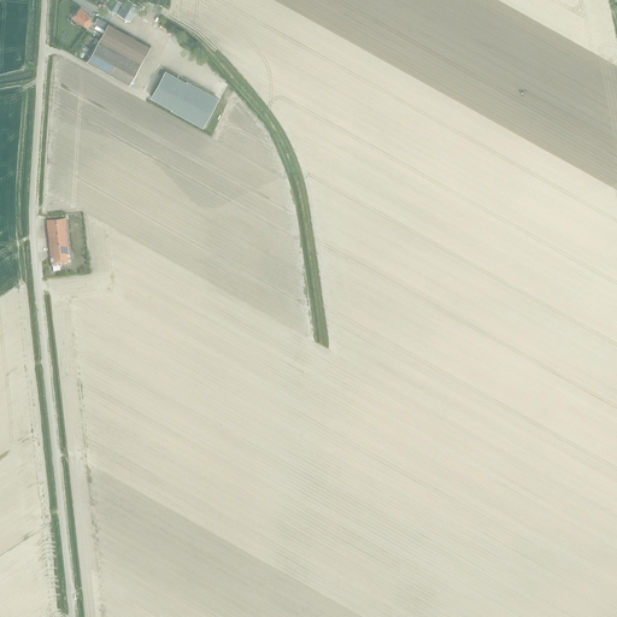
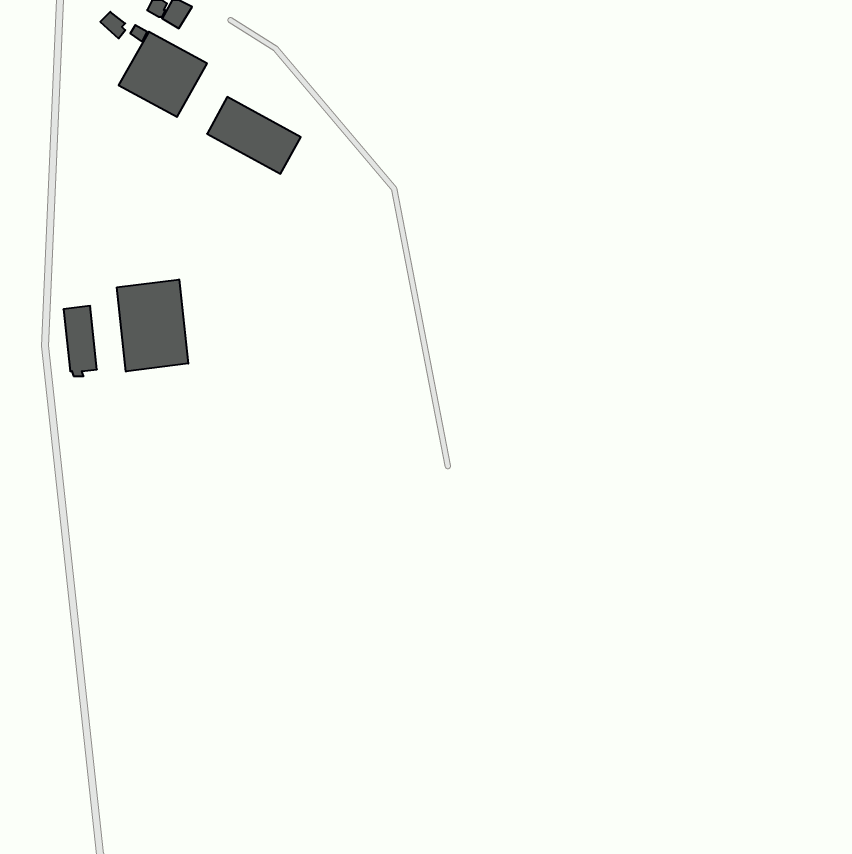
building: none -> [117,279,188,372]

